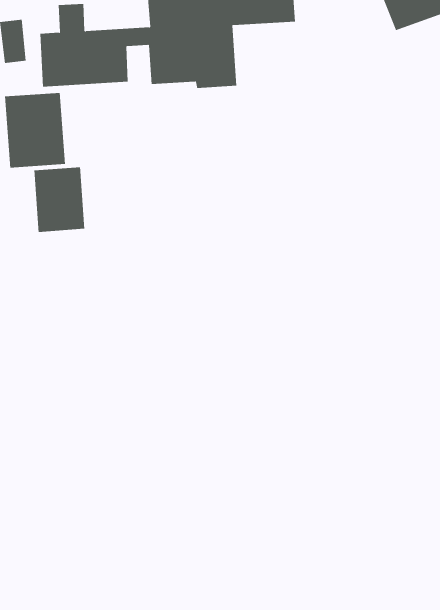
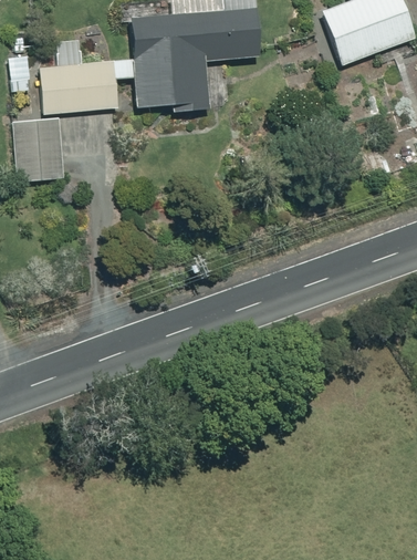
building: [34,166,85,233] -> none

